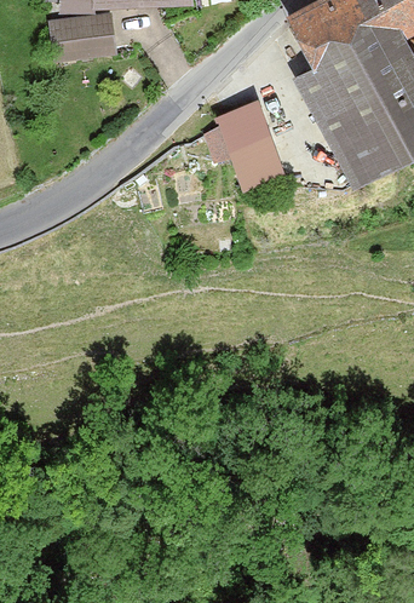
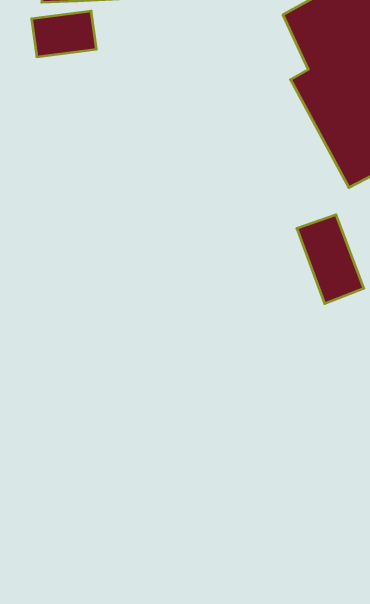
building: [220,107,284,191] -> [297,215,364,304]

